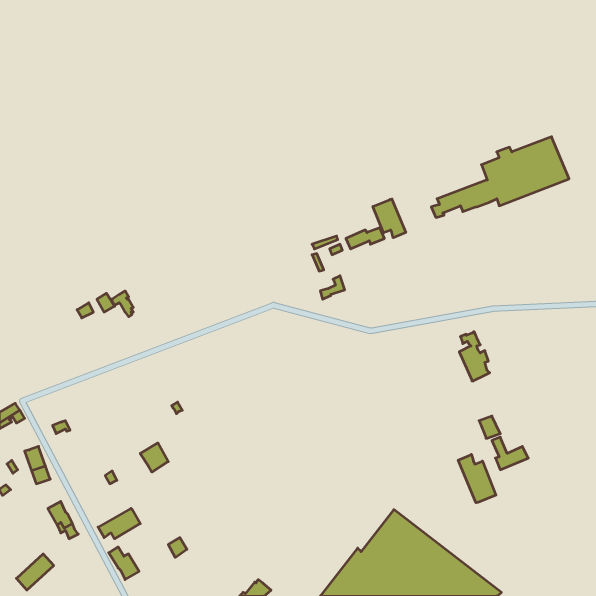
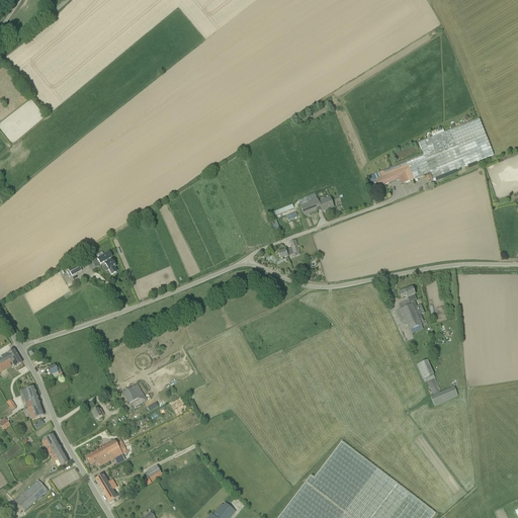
building: [373,199,406,238] -> none
building: [458,454,496,503] -> none

